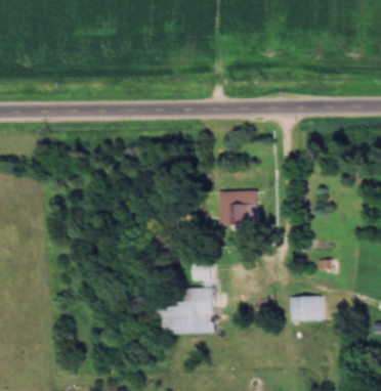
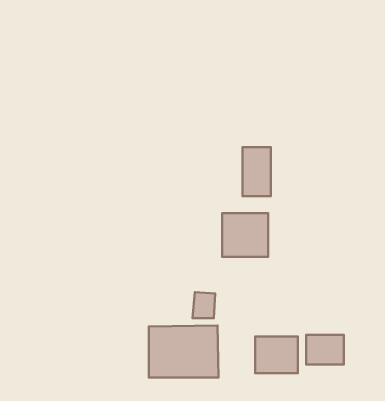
building: none -> [242,147,271,196]
building: none -> [255,336,298,373]

